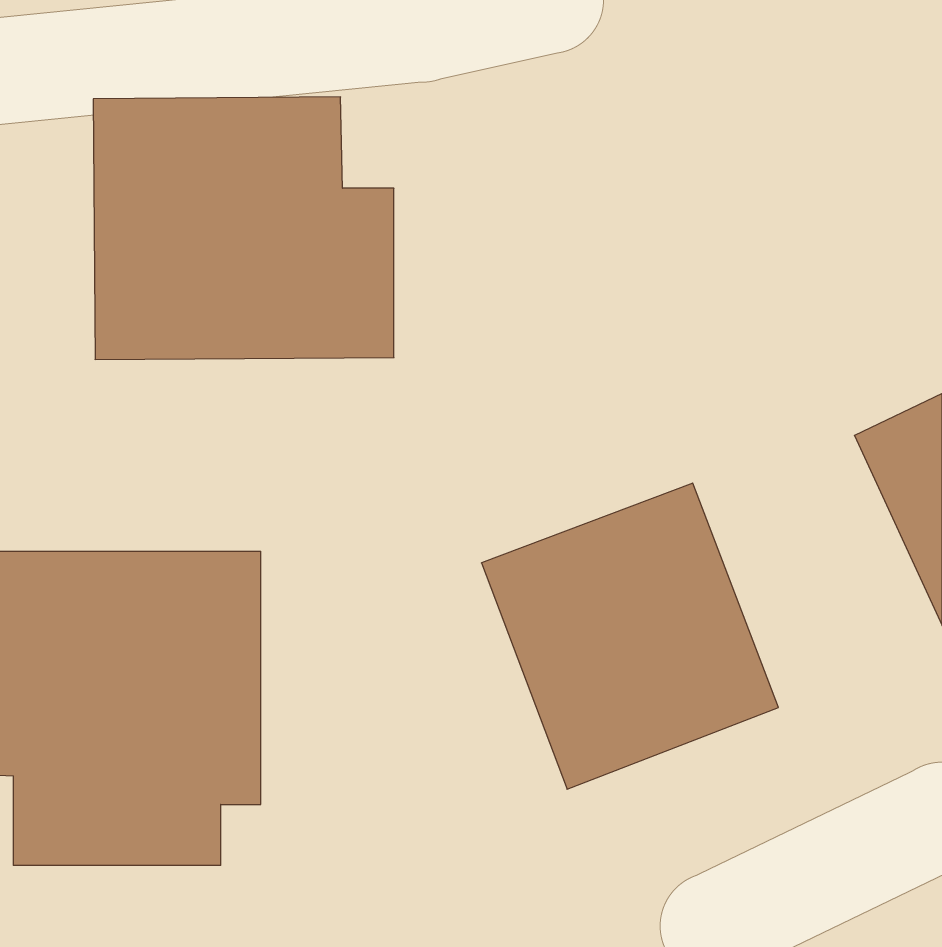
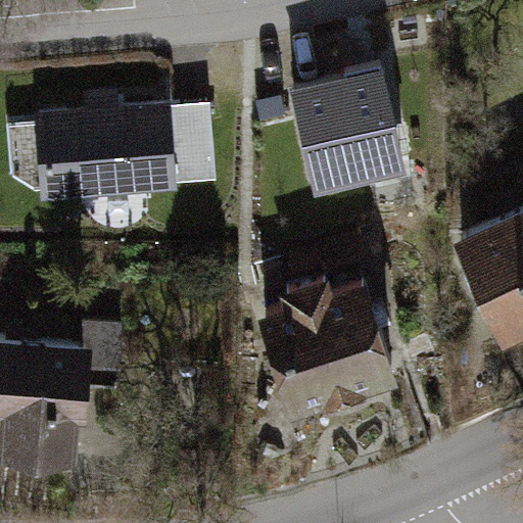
building: none -> [278,68,393,193]

